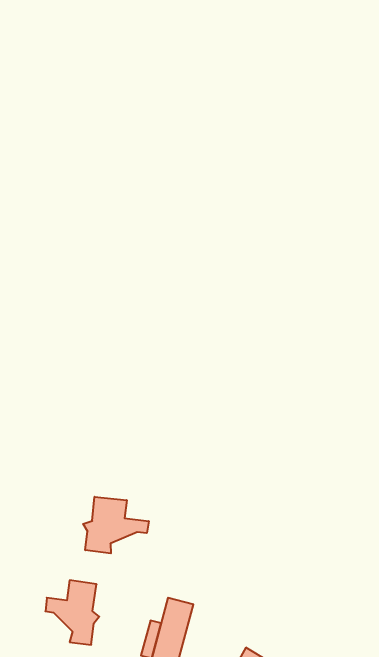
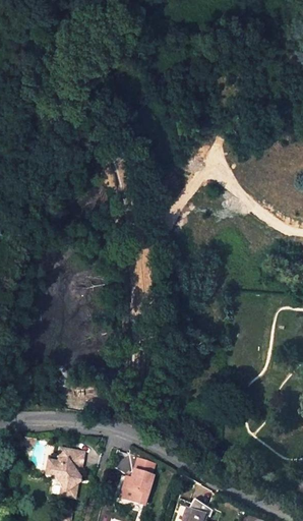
building: [83,497,149,553] -> none

